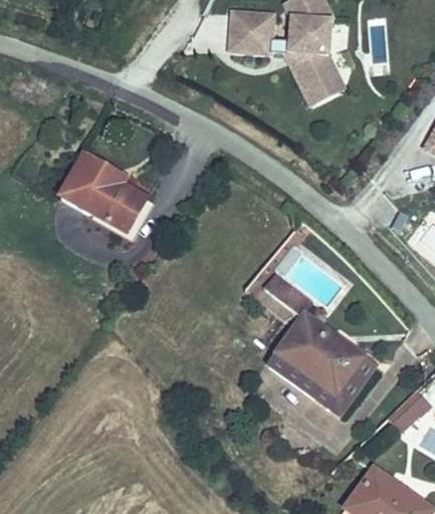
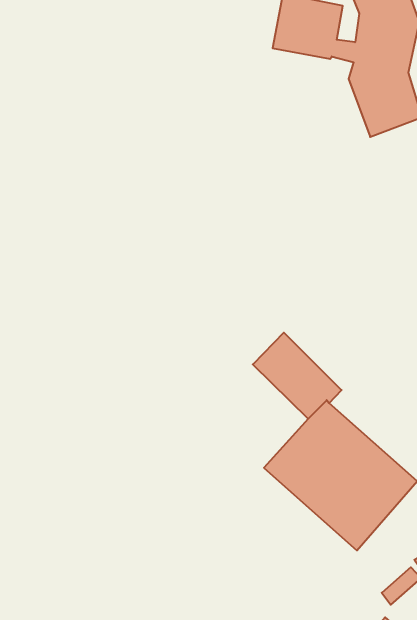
building: [55,152,151,237] -> none

